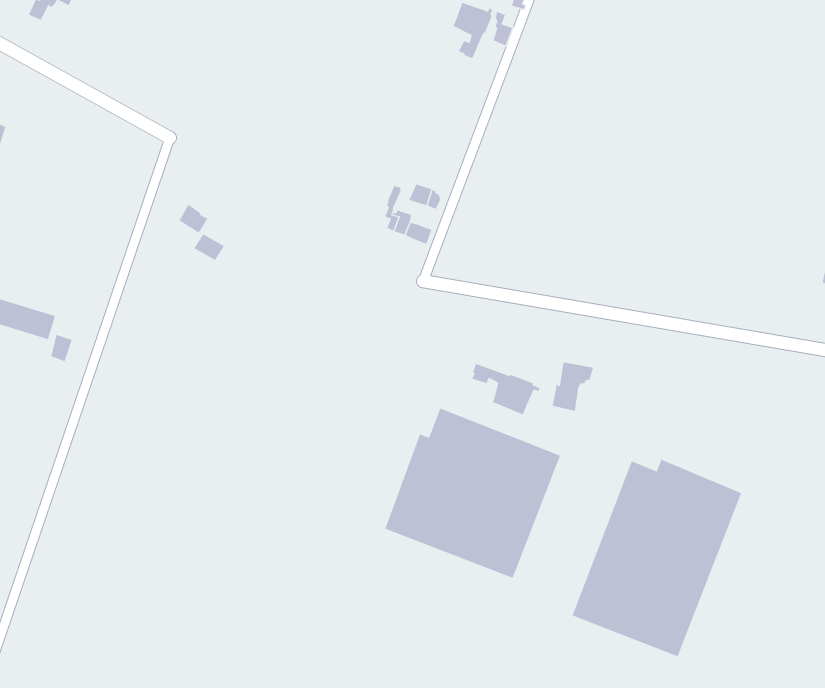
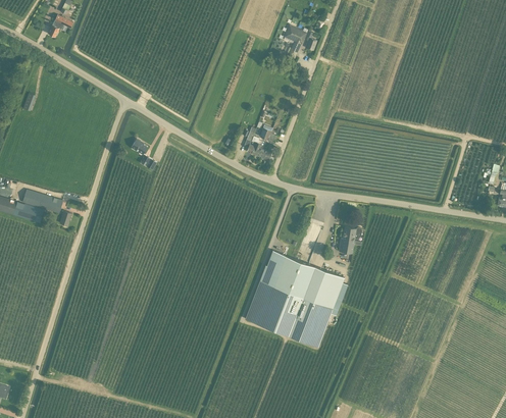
building: [472,363,540,415] -> none
building: [572,459,742,657] -> none

